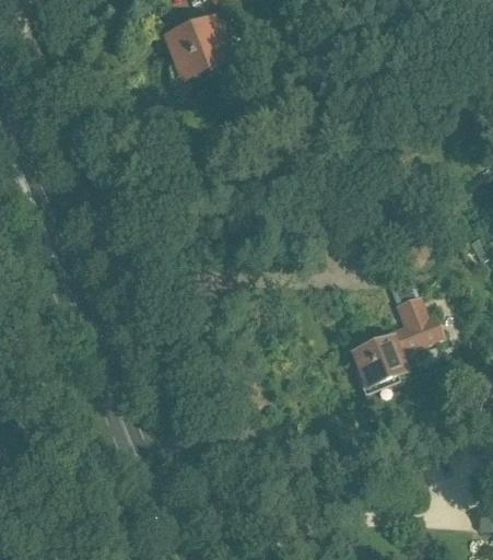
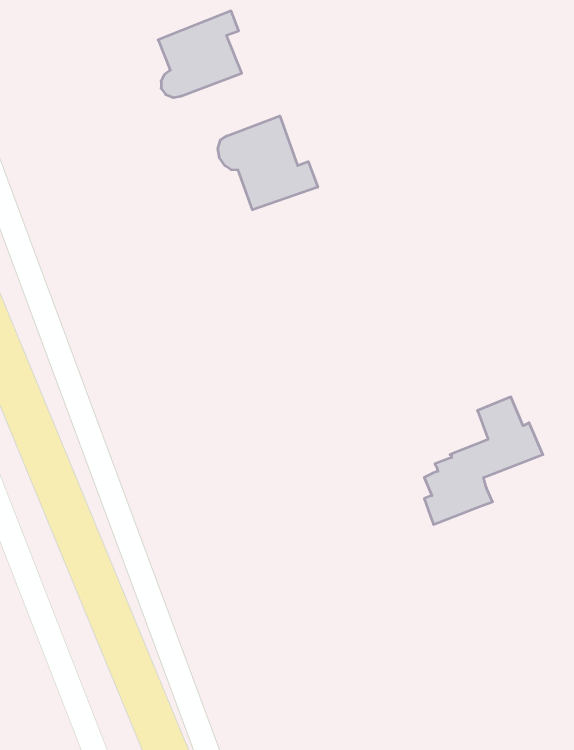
building: none -> [218,116,318,210]

